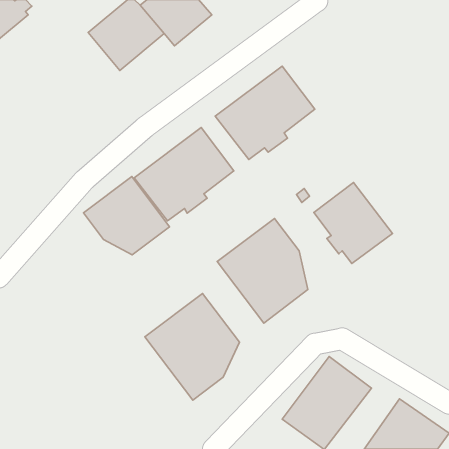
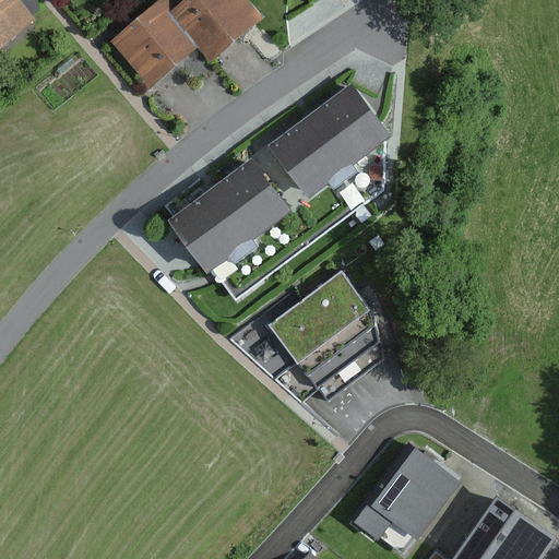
building: [83,177,169,255] -> none
building: [314,182,393,263] -> none
building: [145,293,239,400] -> none

